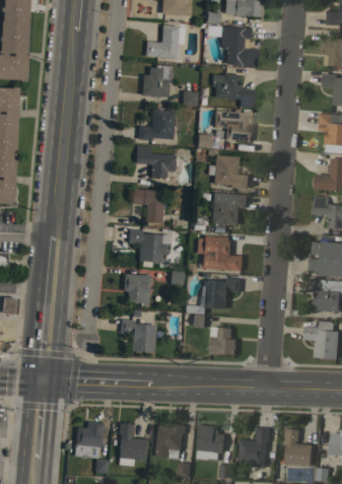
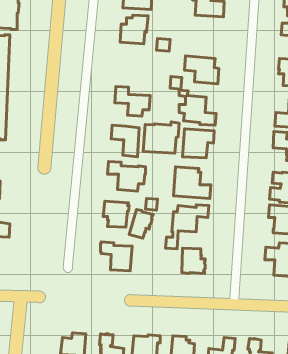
building: [212,74,255,108] -> none
building: [138,110,175,140] -> none
building: none -> [143,122,179,153]
building: none -> [129,210,153,238]

